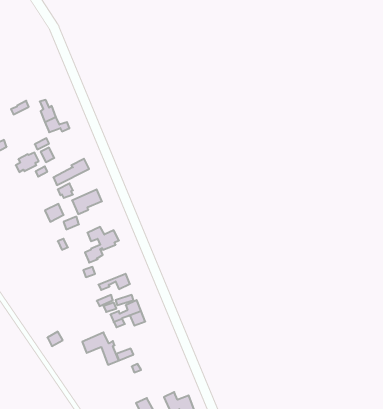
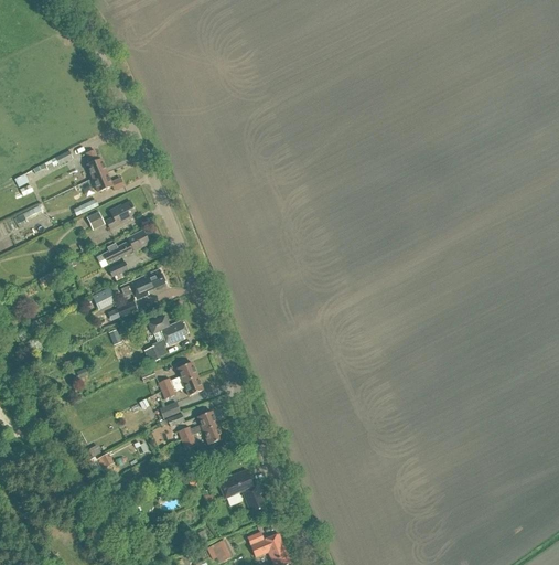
building: [16,153,39,172] -> [106,203,136,228]
building: none -> [159,362,197,391]
building: [82,332,119,365] -> [218,473,266,515]

